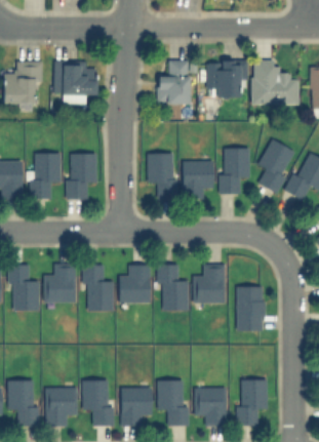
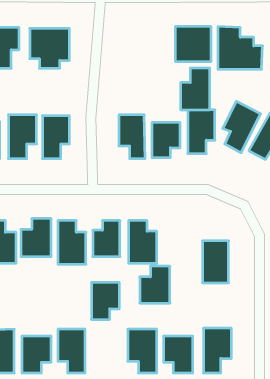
building: [159,61,190,105] -> [181,68,210,110]
building: [194,265,226,304] -> [140,266,170,303]
building: [122,388,152,427] -> [91,283,119,319]

